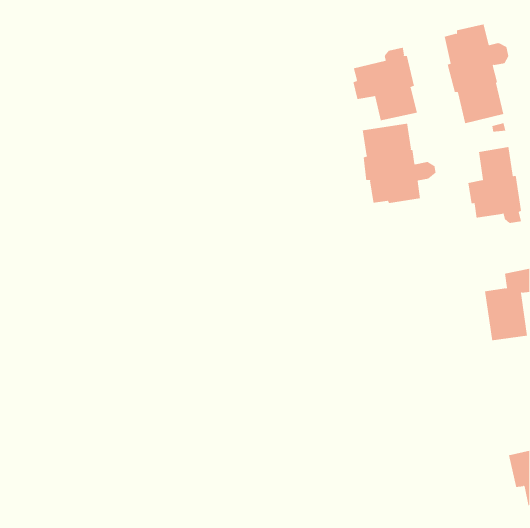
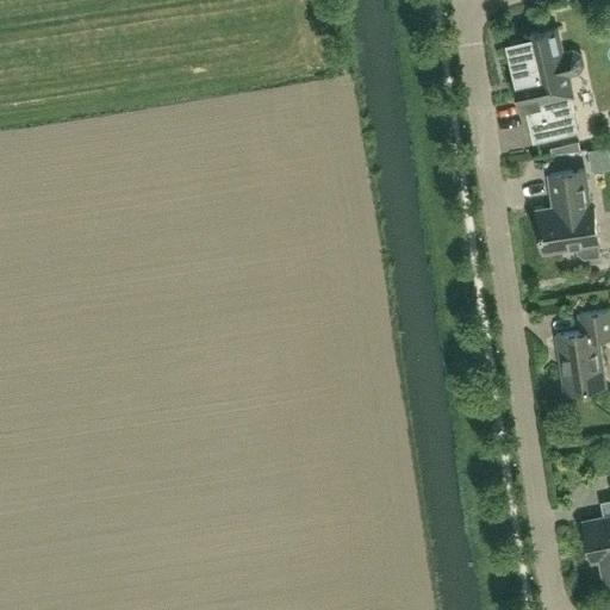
building: [353,47,417,121] -> none
building: [362,123,436,204] -> none

